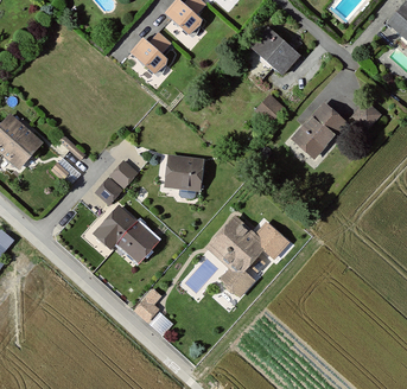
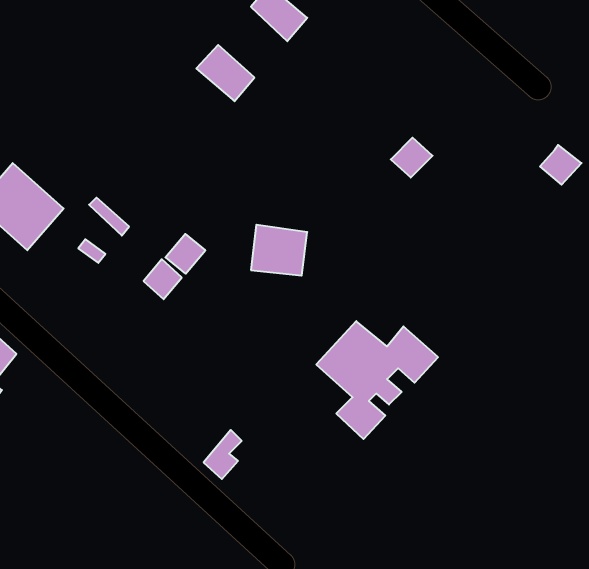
building: [254,28,299,72] -> none
building: [292,103,345,158] -> none
building: [94,205,155,260] -> none

